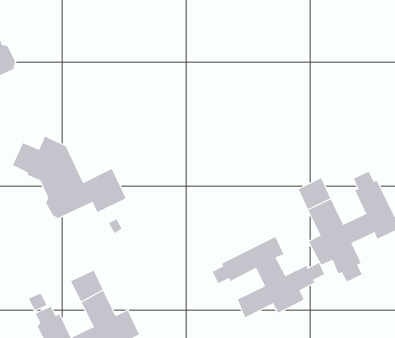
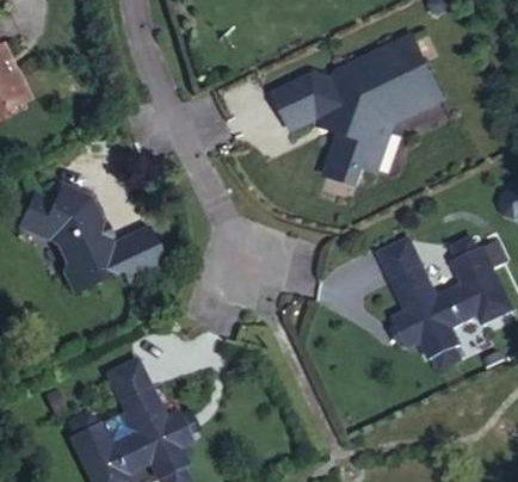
building: none -> [275,35,443,185]
building: [212,236,325,318] -> none

